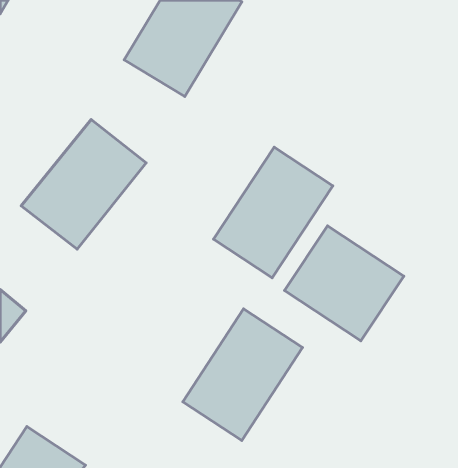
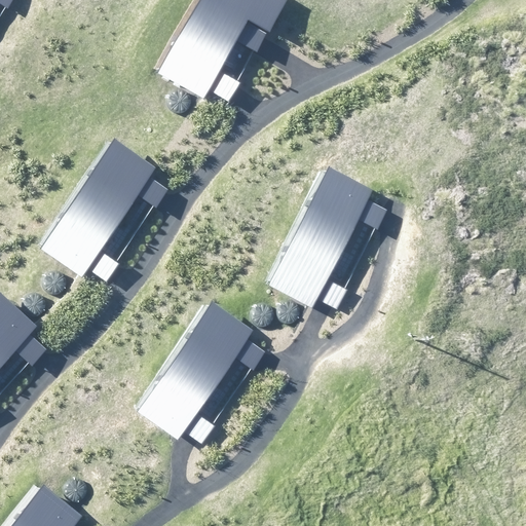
building: [285,226,404,341] -> none
building: [183,309,302,440] -> [137,300,270,447]

